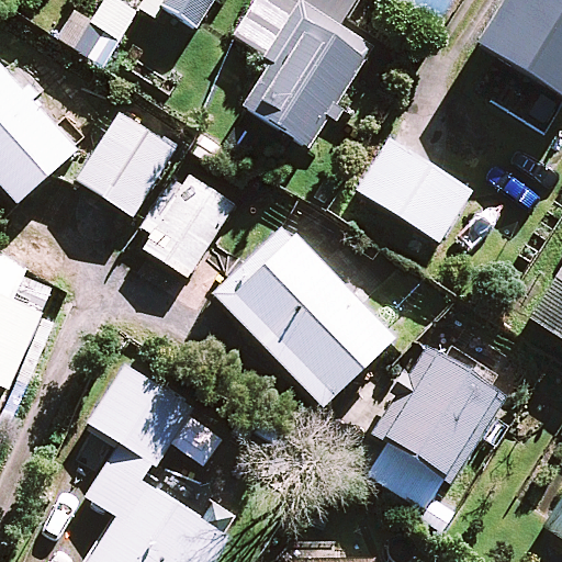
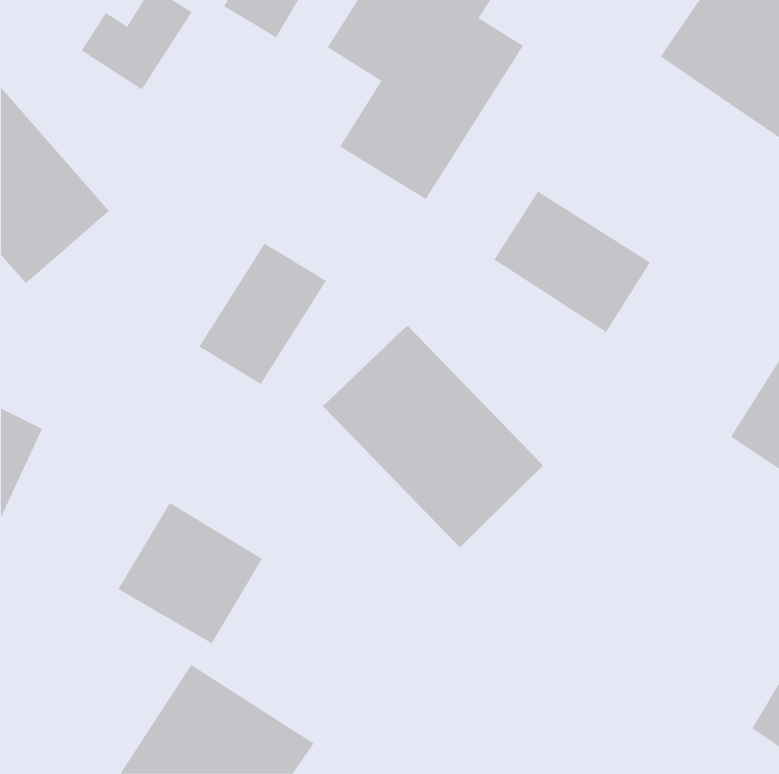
building: [77,113,177,216] -> none
building: [211,226,331,404] -> none
building: [370,344,505,479] -> none

